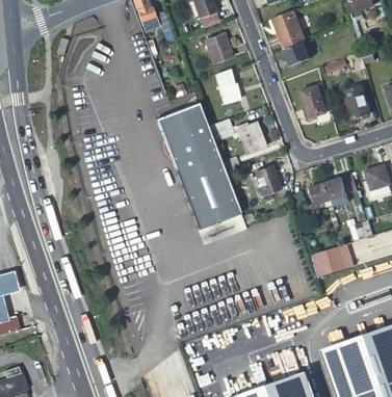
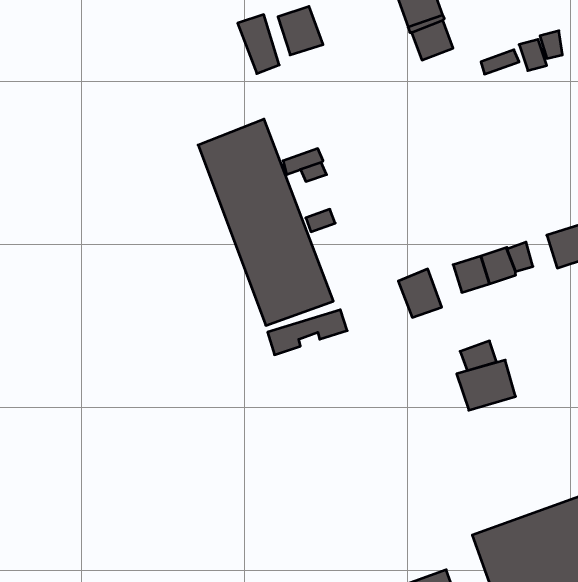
building: [214,69,239,104] -> [238,15,279,74]
building: [302,84,326,116] -> none
building: [345,85,370,118] -> none
building: [237,122,265,154] -> none
building: [255,166,281,195] -> [398,269,442,317]

